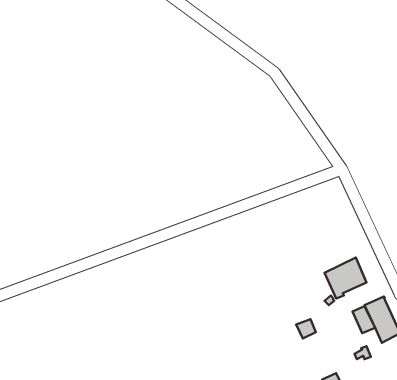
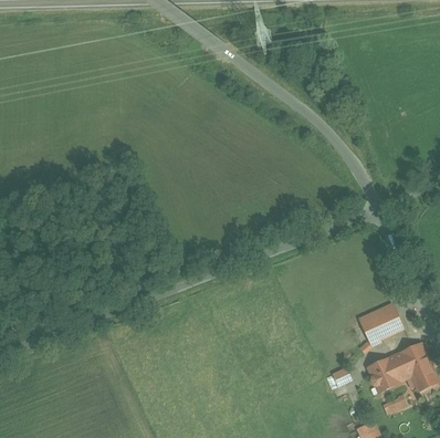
building: none -> [367,358,399,392]

